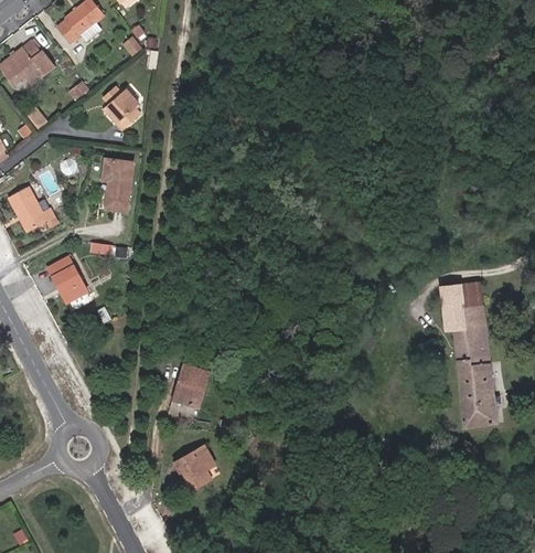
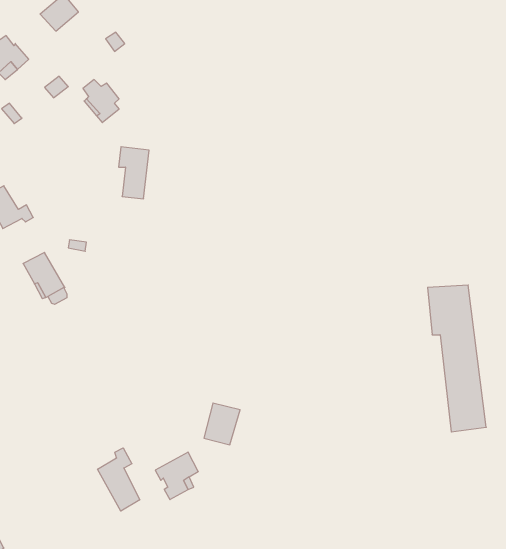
building: [101,158,131,209] -> [119,147,149,199]
building: [174,365,210,406] -> [204,403,240,445]
building: none -> [98,448,140,511]

